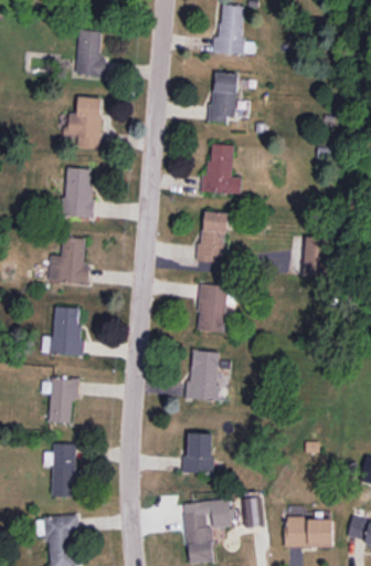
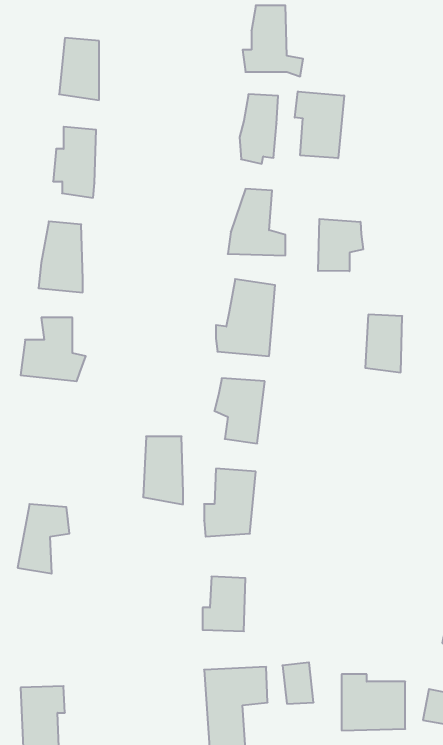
building: none -> [295,91,344,158]
building: none -> [318,219,363,271]
building: [52,308,82,359] -> [143,436,183,504]
building: [42,446,76,503] -> none

